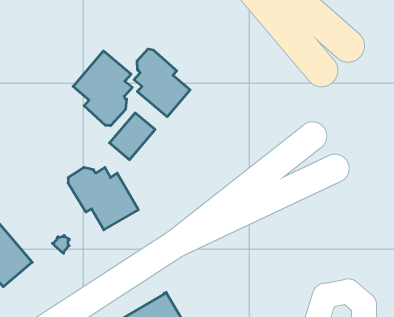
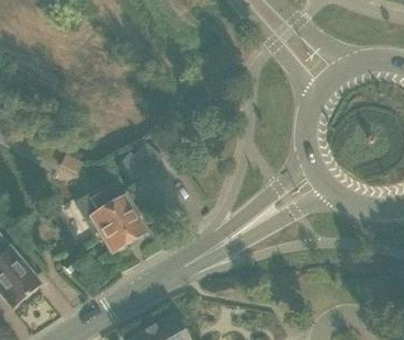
building: [134,49,190,117] -> none
building: [73,51,132,126] -> none

